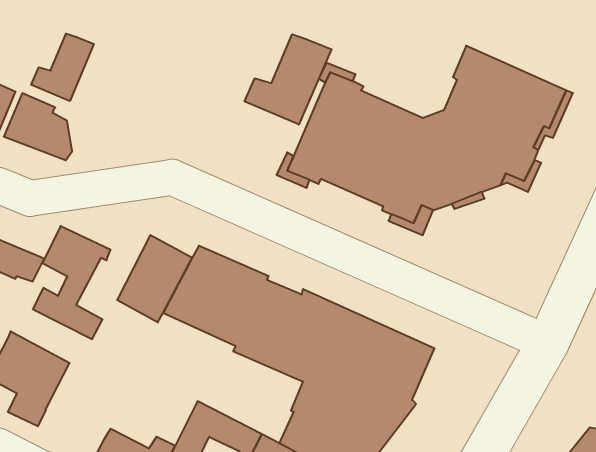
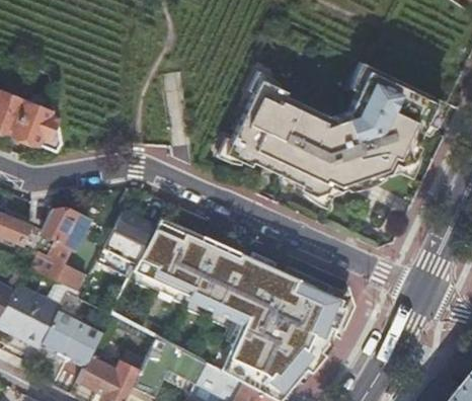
building: [31,34,94,101] -> none
building: [245,34,331,125] -> none
building: none -> [41,308,103,367]

